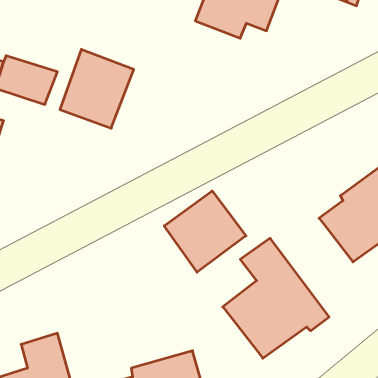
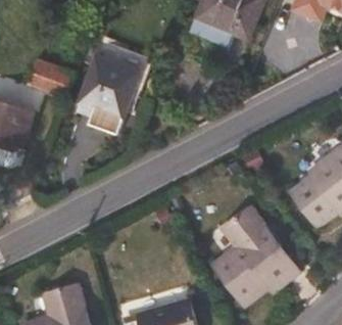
building: [164,191,246,272] -> none

